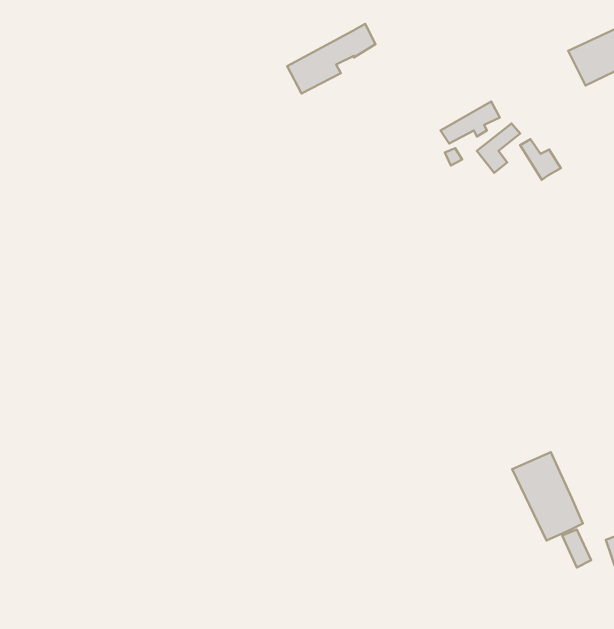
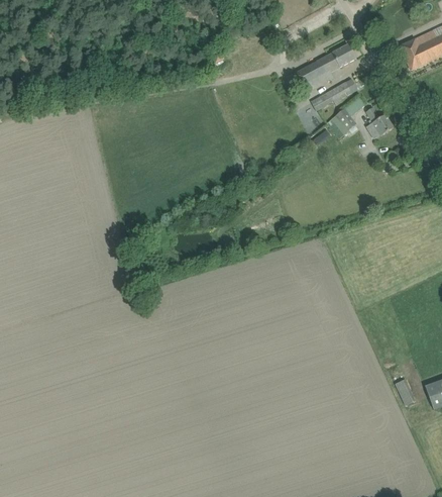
building: [287,24,375,94] -> [294,43,355,92]
building: [512,452,583,540] -> none

